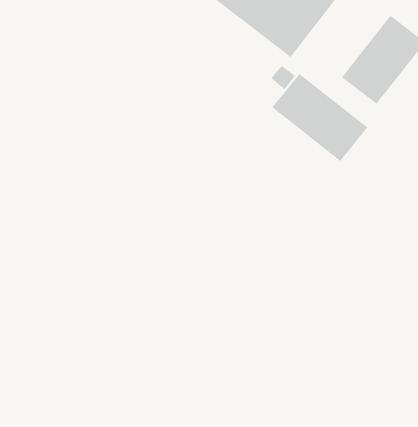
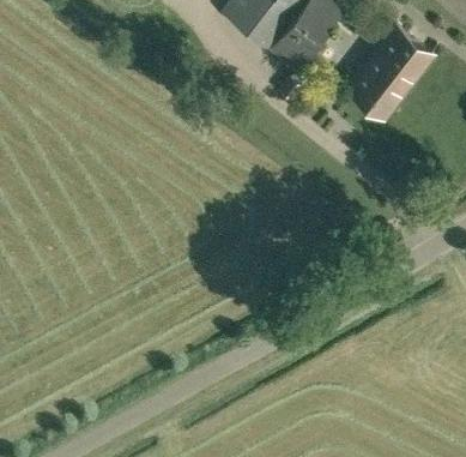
building: [271,73,368,162] -> none

